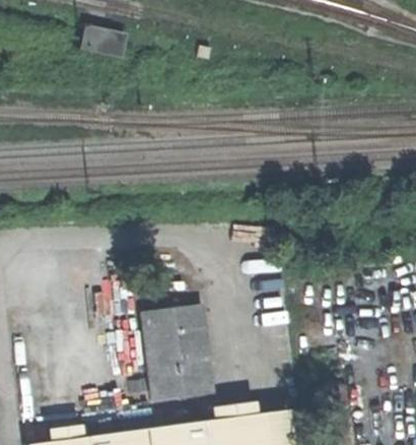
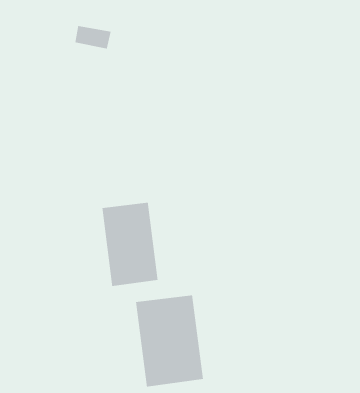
building: none -> [102,202,158,287]

